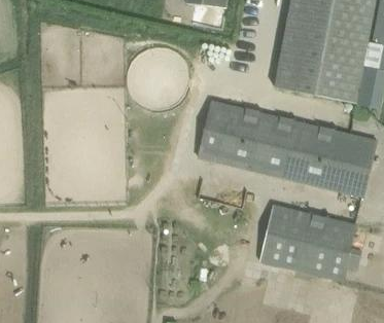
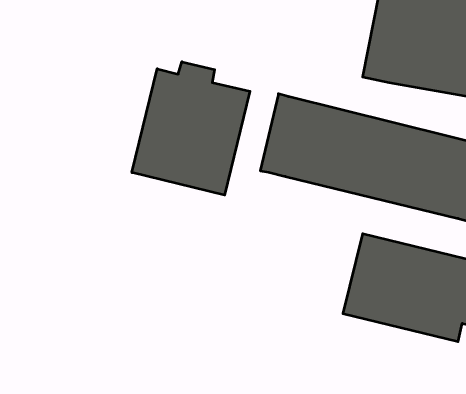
building: none -> [132,62,250,195]

